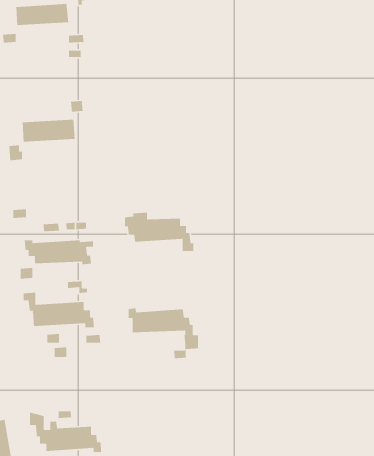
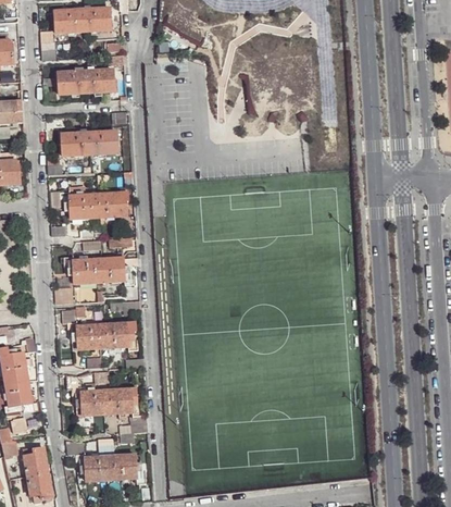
building: none -> [58,69,114,92]
building: [124,212,194,252] -> [60,186,134,228]
building: [128,308,199,359] -> [72,387,147,442]

